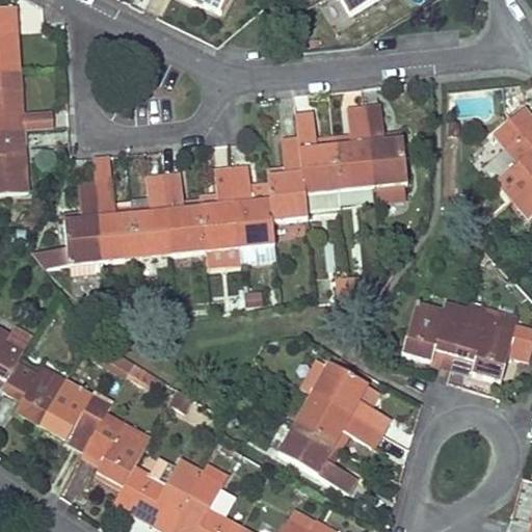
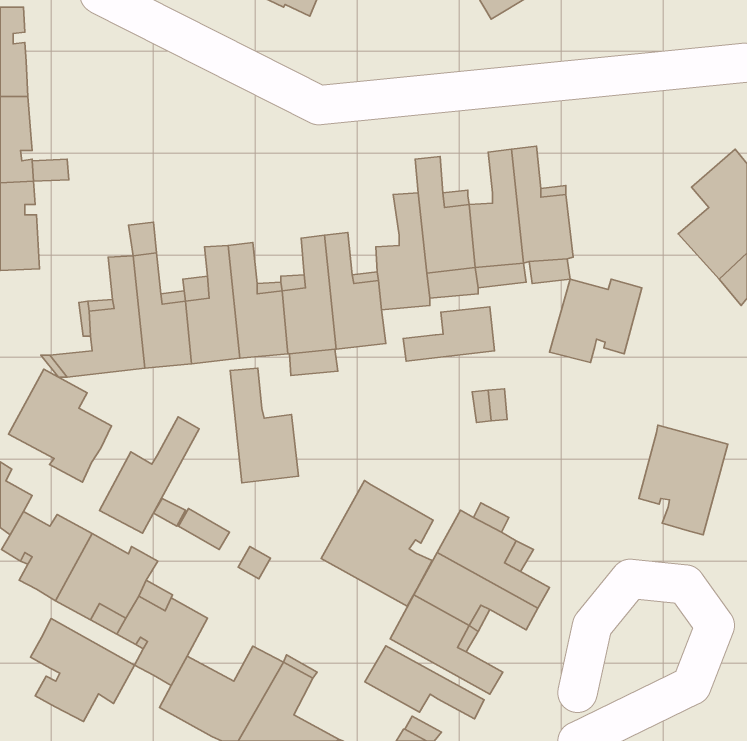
building: none -> [403,307,494,361]
building: none -> [230,368,299,483]
building: none -> [8,369,112,482]
building: none -> [100,417,199,533]
building: [401,301,467,361] -> [550,279,642,362]
building: none -> [321,481,433,606]
building: none -> [30,619,134,721]
building: none -> [365,646,484,719]

